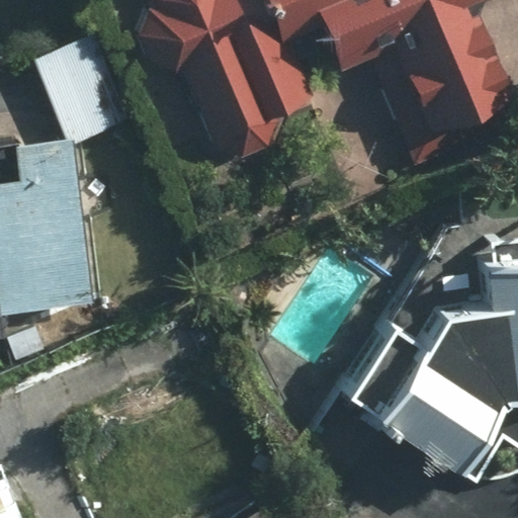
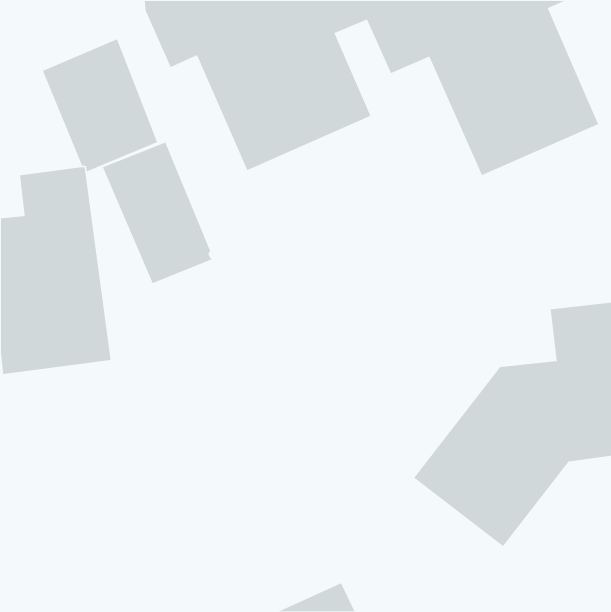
building: none -> [102,142,213,284]

